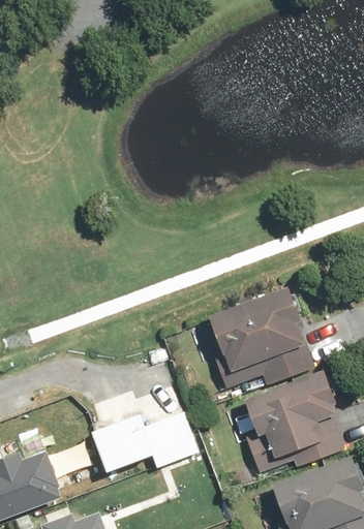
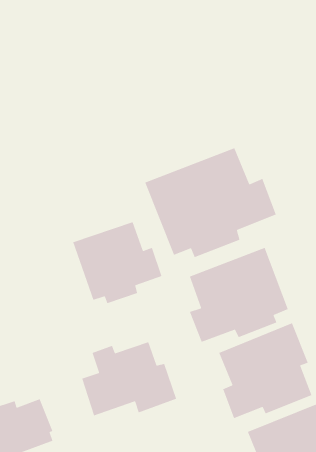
building: none -> [144,147,277,258]
building: none -> [72,221,162,304]

